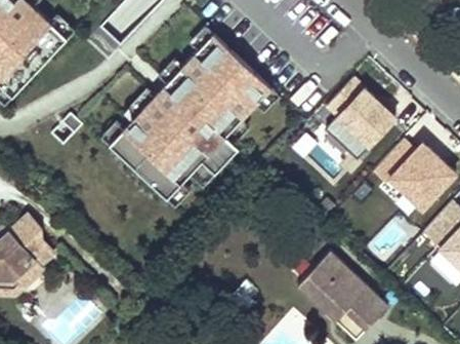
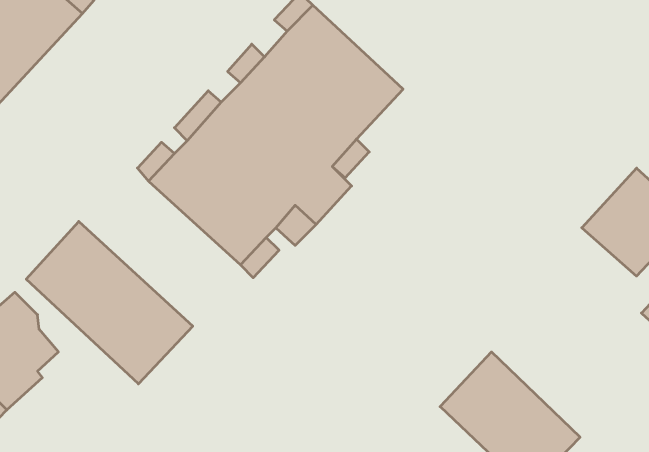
building: [322,86,392,158] -> none
building: none -> [26,221,193,384]

